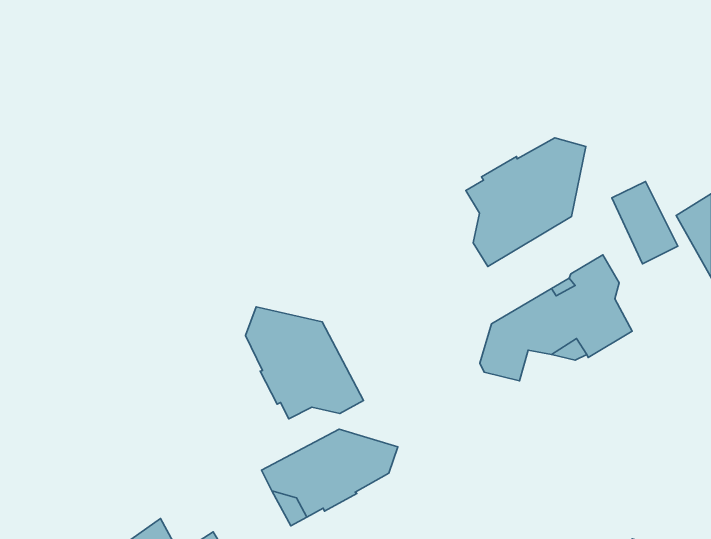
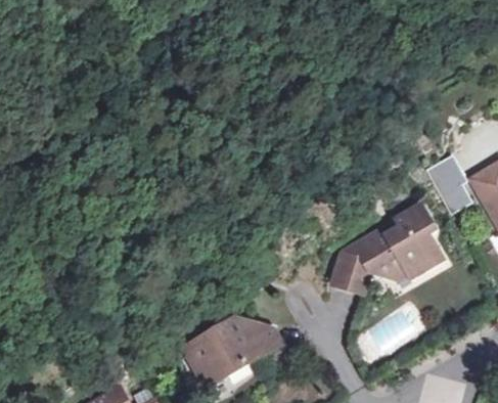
building: [466,138,586,267] -> none
building: [245,307,364,419] -> none

